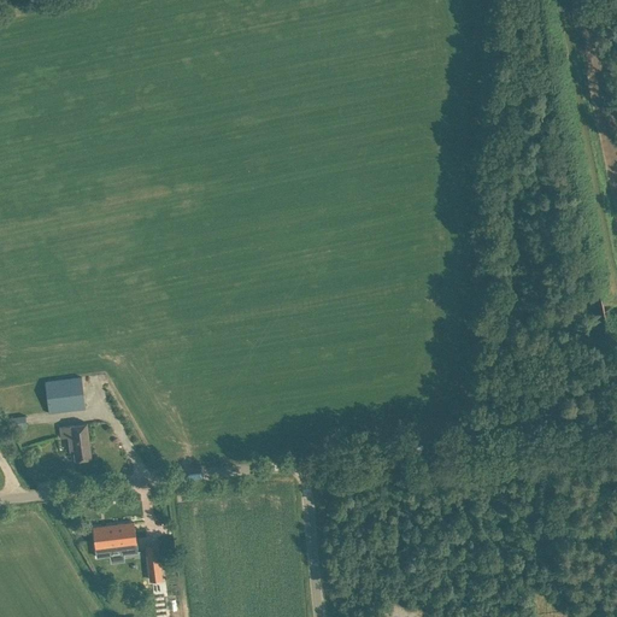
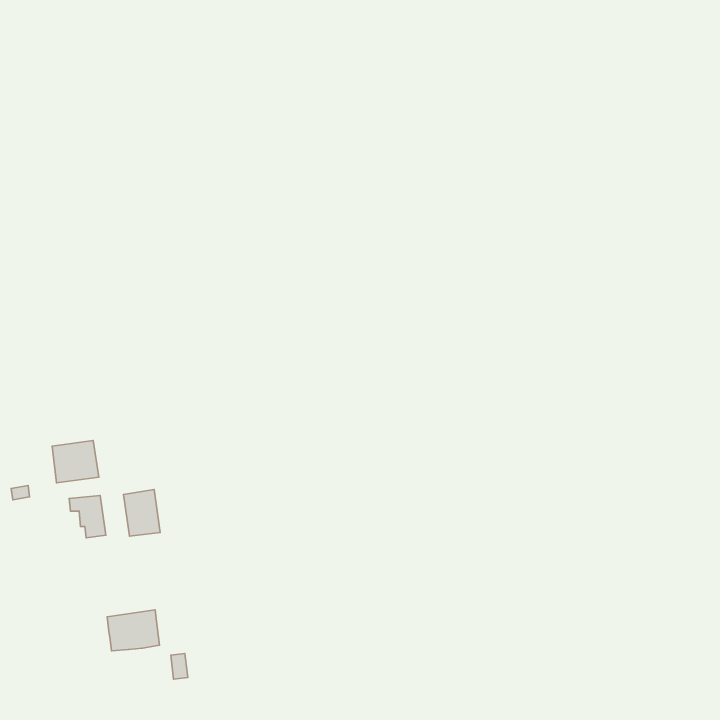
building: none -> [124,489,160,536]

